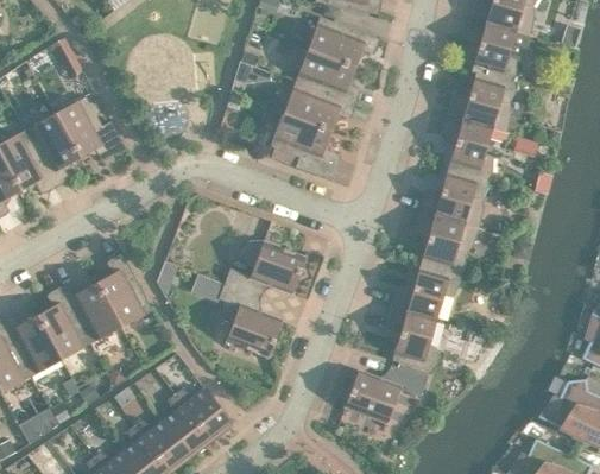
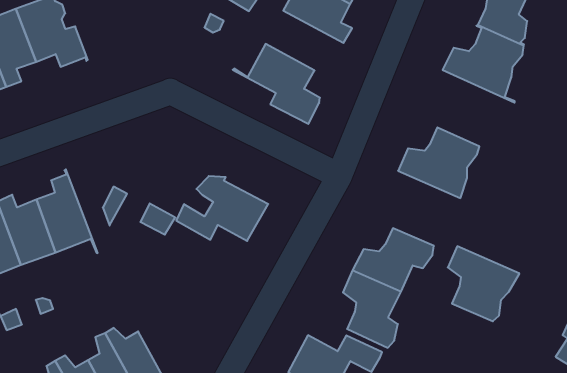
building: [282,83,352,133] -> none
building: [438,116,513,181] -> none
building: [411,213,476,276] -> [448,246,519,321]
building: [217,285,280,358] -> none

